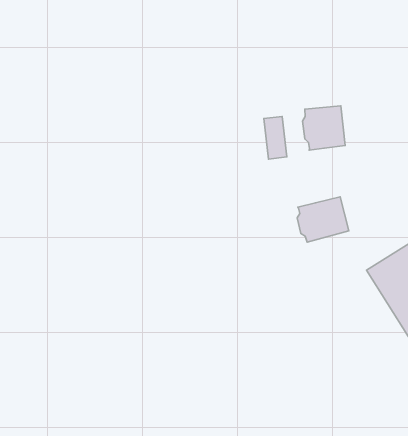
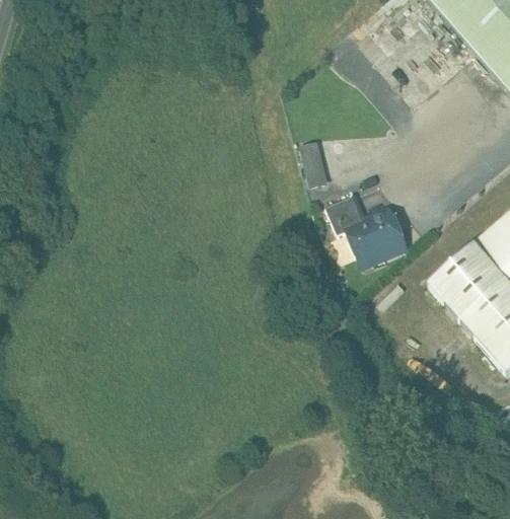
building: [303,106,345,150] -> none
building: none -> [329,196,367,235]

